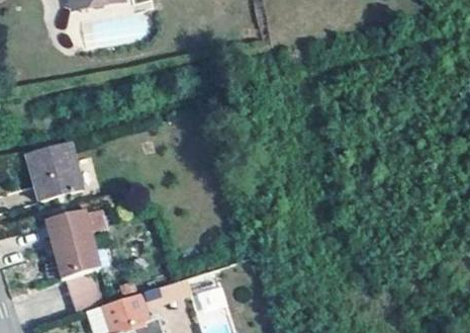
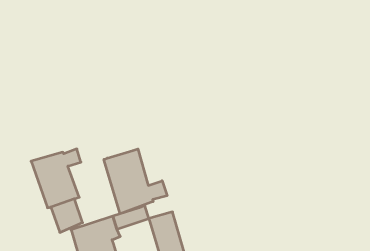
building: [27,141,82,198] -> none
building: none -> [104,149,167,214]

